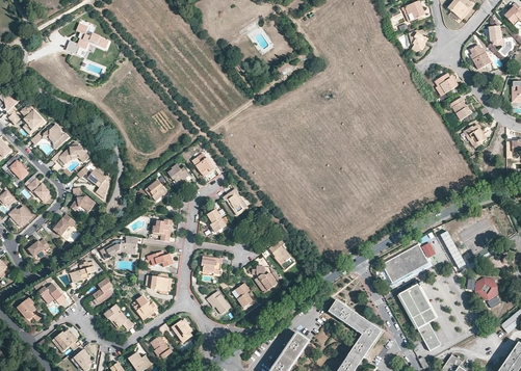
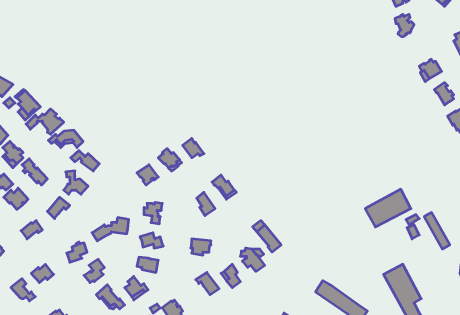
building: [64,21,108,54] -> none
building: [382,243,428,282] -> [365,189,411,227]

